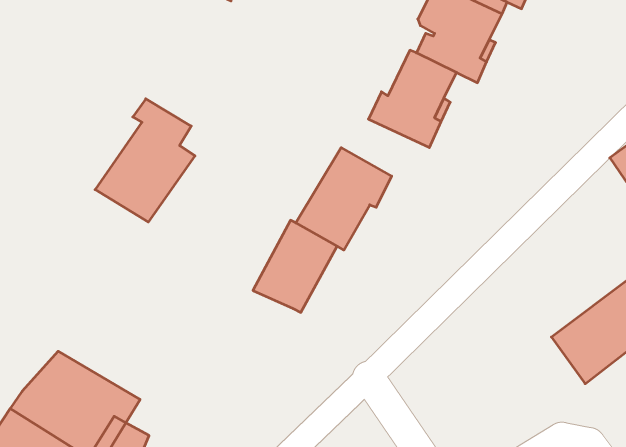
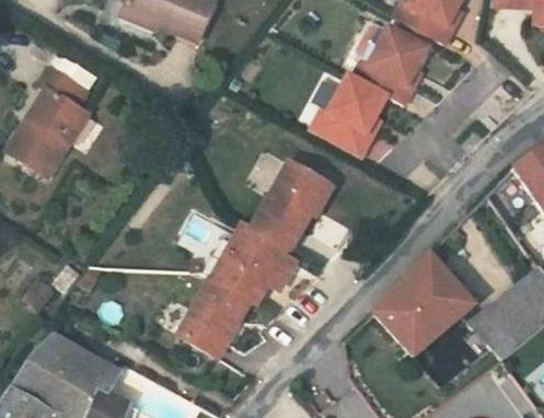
building: [95,99,195,222] -> [11,69,95,173]
building: none -> [377,256,472,349]
building: none -> [183,278,251,350]

